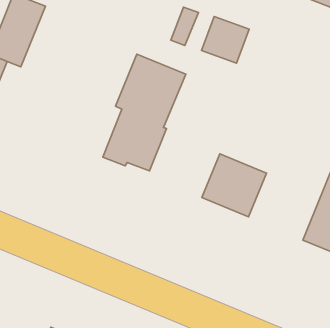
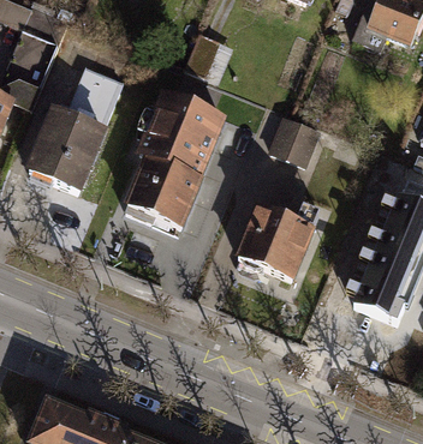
building: [201,16,249,63] -> [266,113,320,166]
building: none -> [24,68,125,202]

